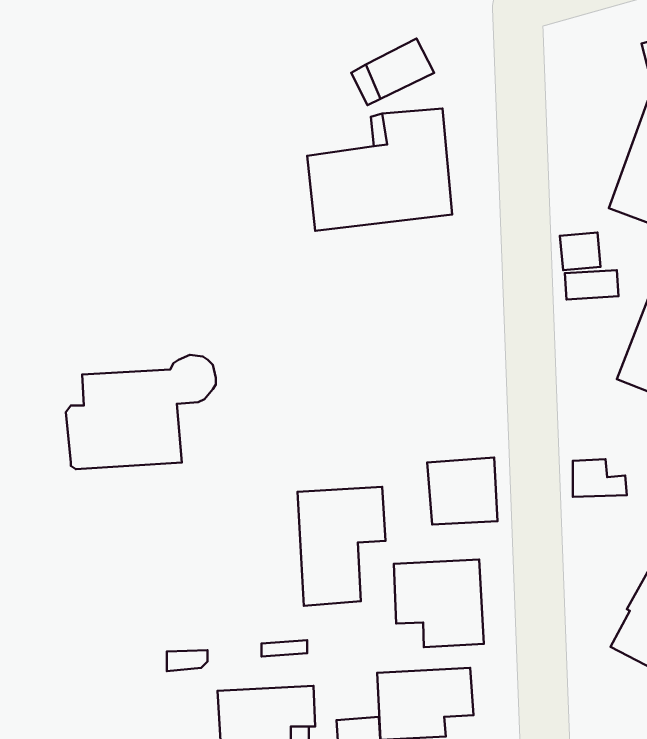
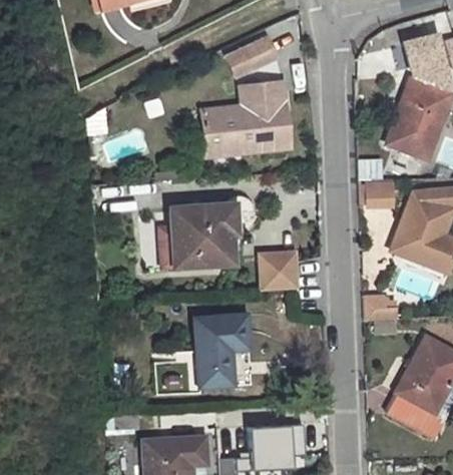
building: [66,355,216,469] -> [162,195,255,266]
building: [427,458,497,524] -> [254,250,297,291]
building: [394,559,484,647] -> none

